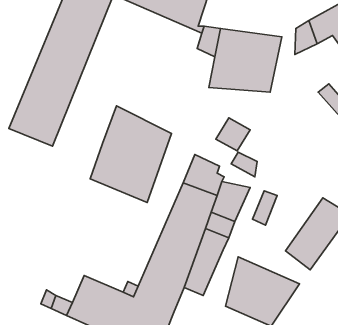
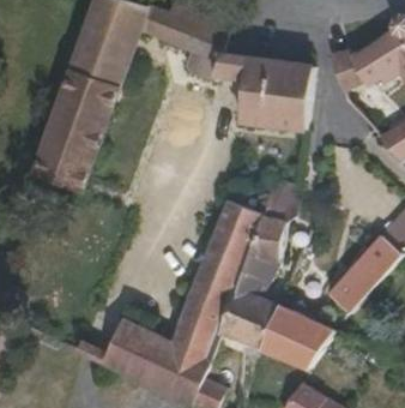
building: [90,106,171,203] -> none
building: none -> [238,293,274,350]

